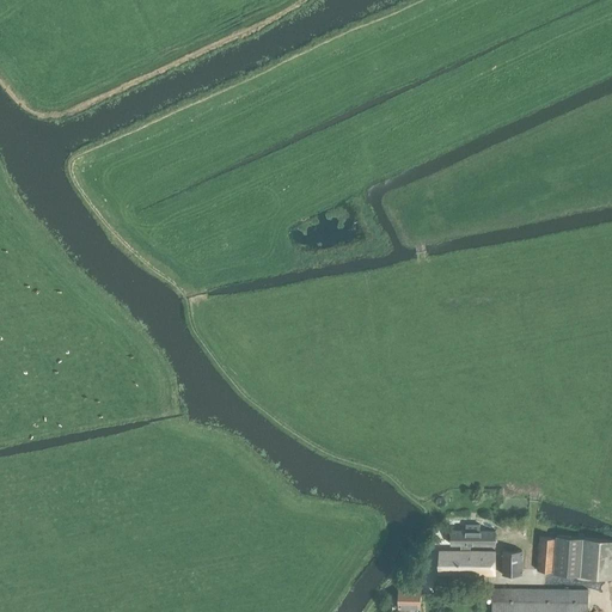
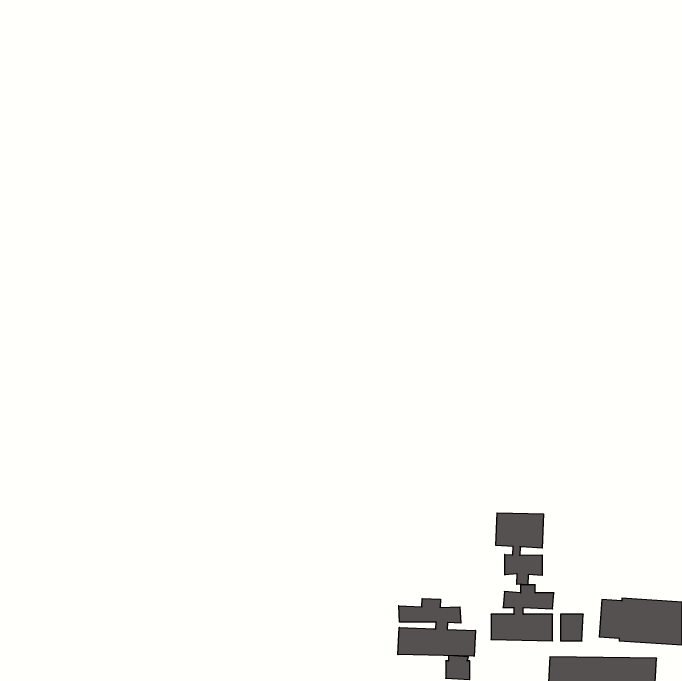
building: none -> [496,513,543,585]
building: none -> [398,599,475,656]

